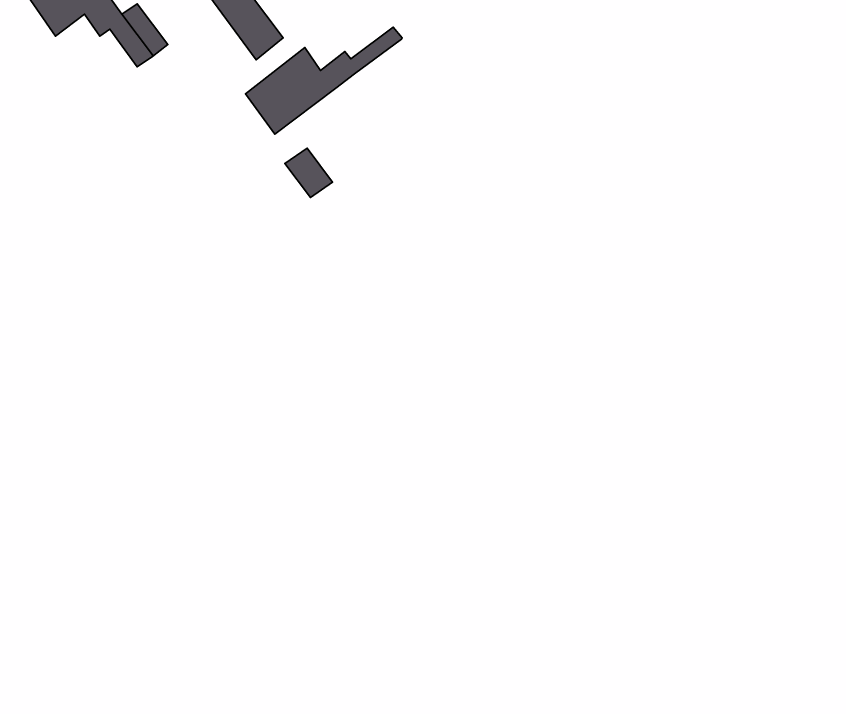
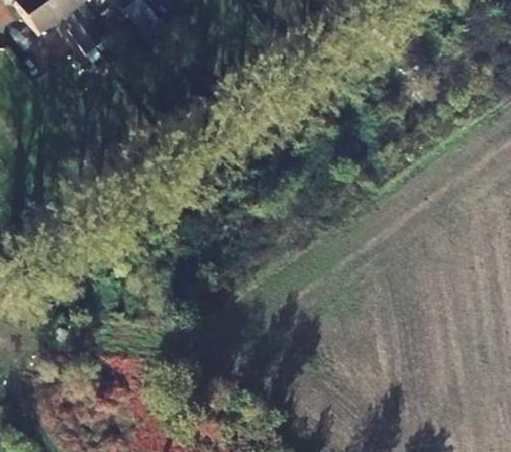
building: [245,27,402,134] -> none

